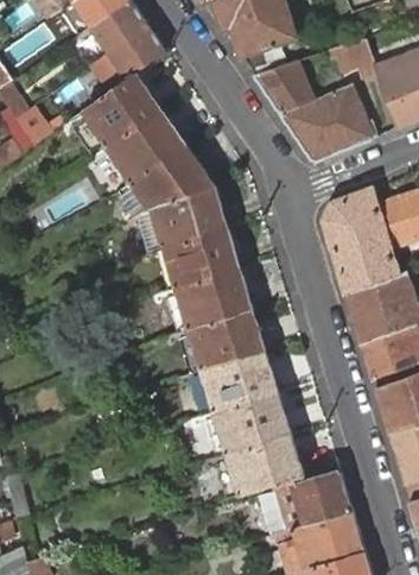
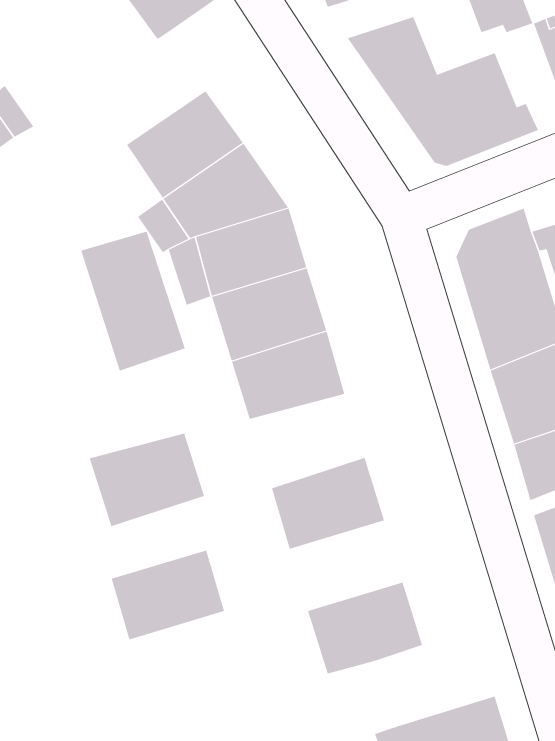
building: [81,71,159,145] -> none
building: none -> [81,231,186,371]
building: [188,309,264,371] -> [89,433,205,527]
building: [214,392,288,451] -> [111,550,225,640]
building: [269,469,349,527] -> none

